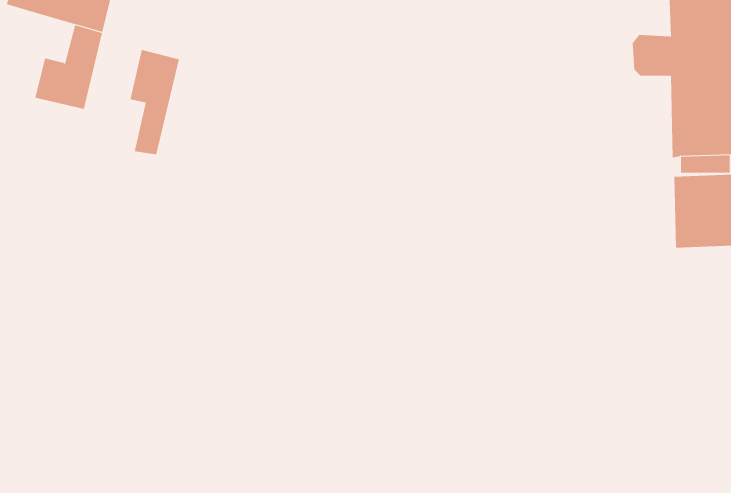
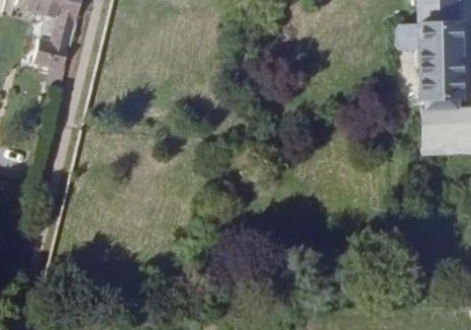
building: [130,49,180,155] -> none

